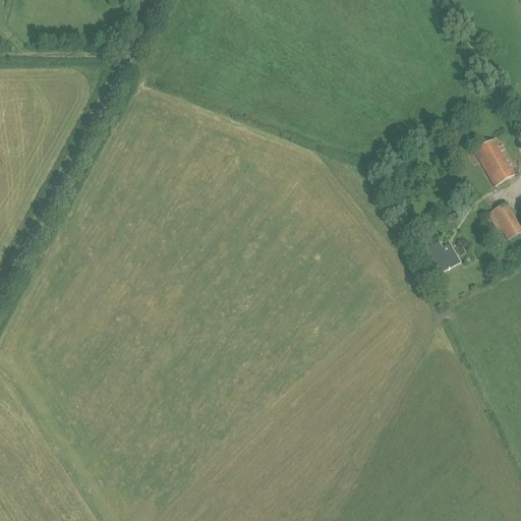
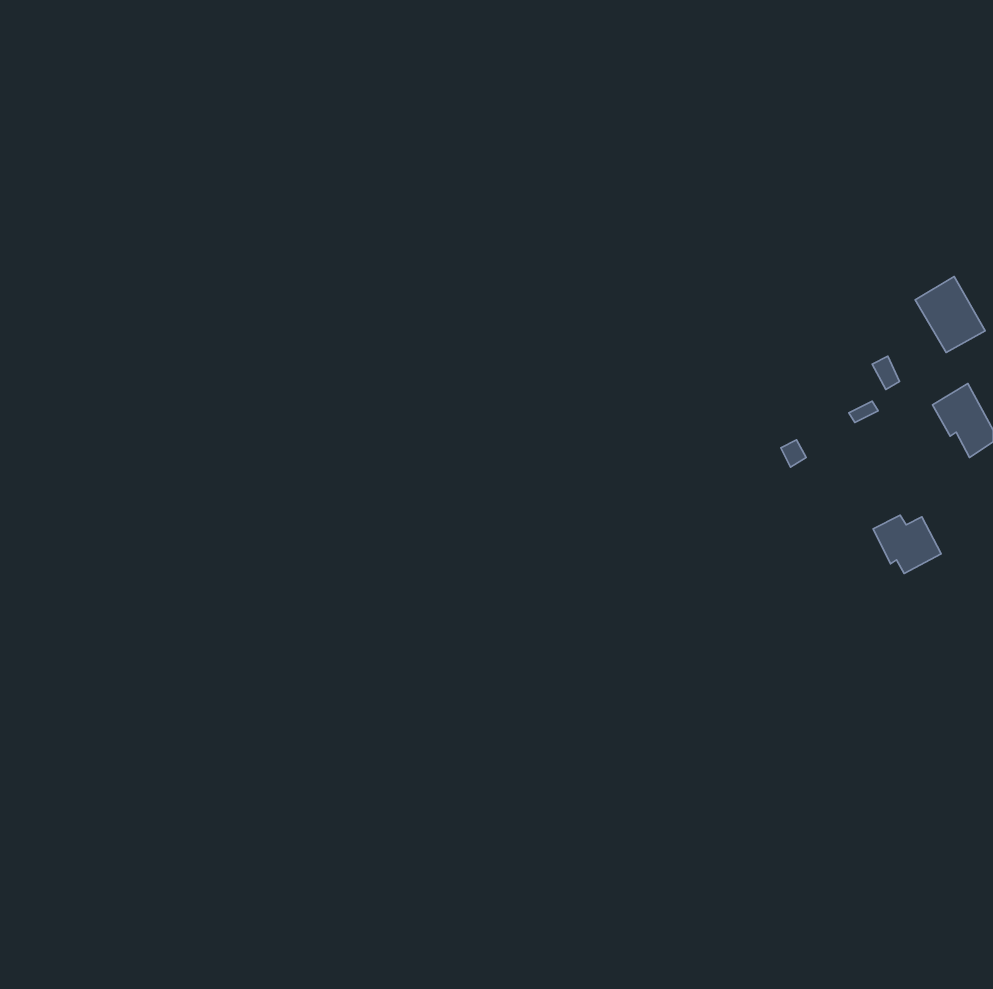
building: [423,240,459,271] -> [873,515,941,573]

